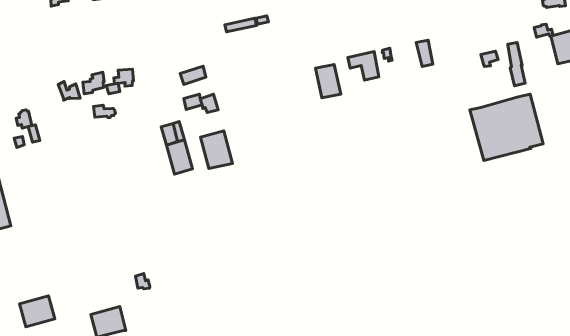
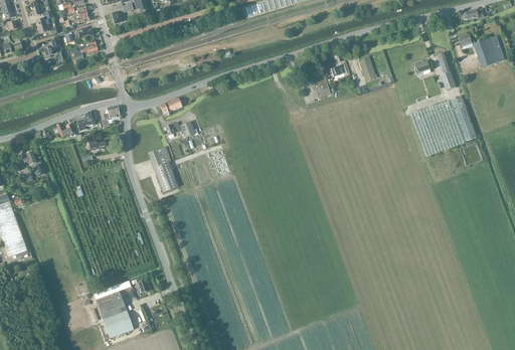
building: [315,64,341,98] -> none
building: [201,131,233,169] -> none
building: [20,296,55,327] -> [96,291,127,319]

